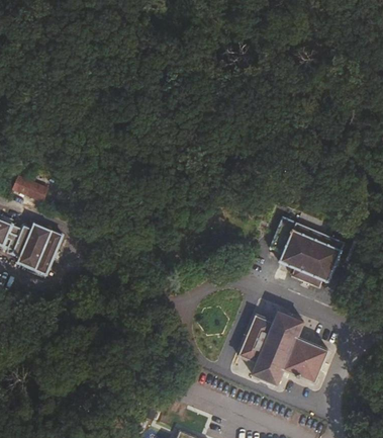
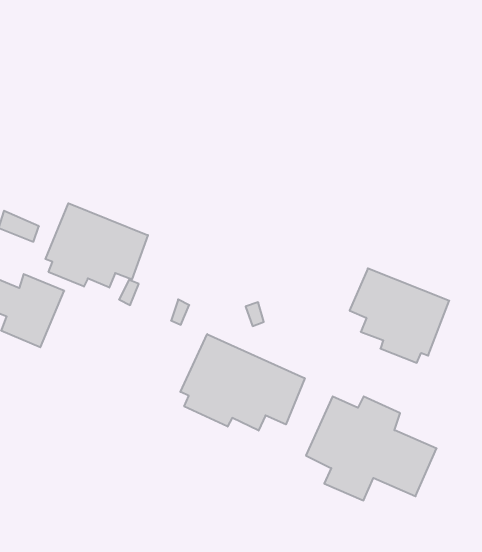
building: none -> [45,203,148,288]
building: none -> [180,334,305,431]

